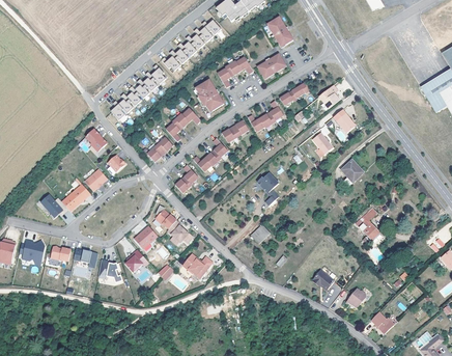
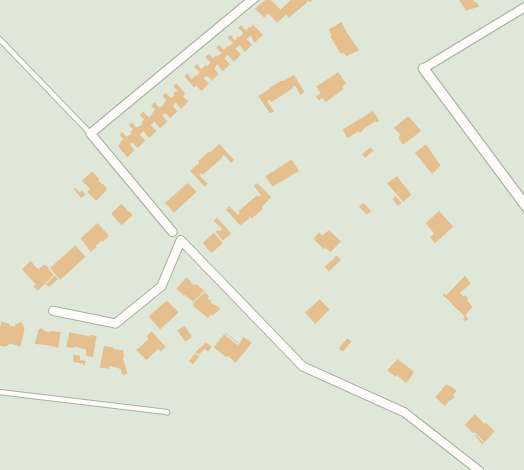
building: [197,82,224,112] -> none
building: [248,102,283,132] -> none

